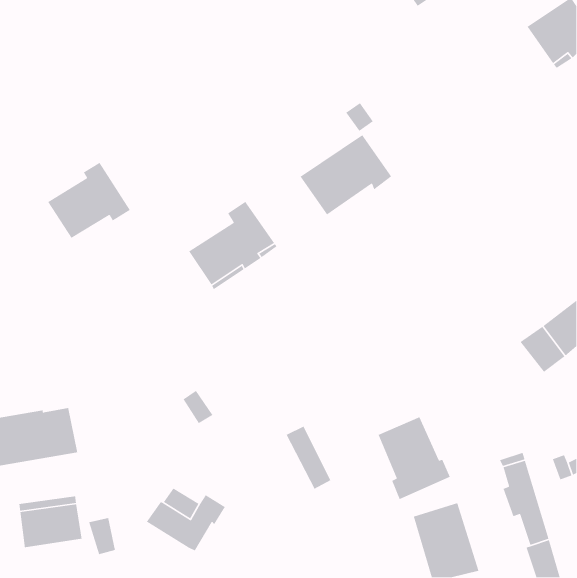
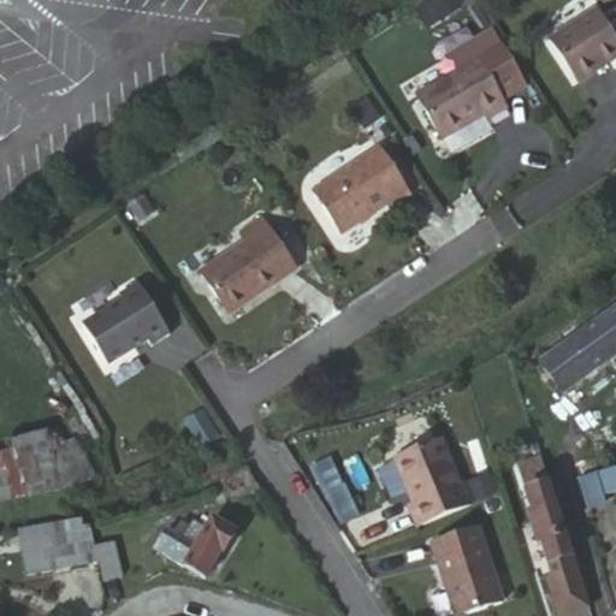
building: none -> [416,35,527,130]
building: [47,162,131,239] -> [81,284,168,365]

